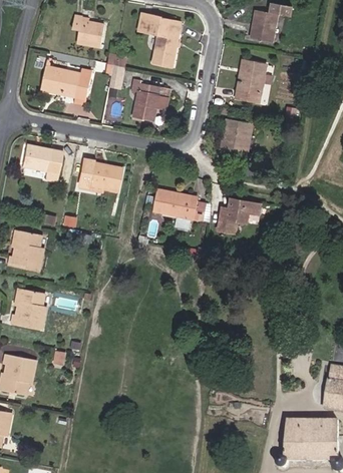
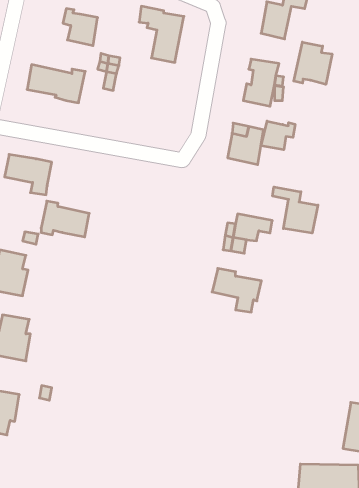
building: none -> [294,42,332,84]
building: [130,76,169,120] -> none
building: none -> [261,121,295,150]
building: [78,157,121,189] -> [41,201,89,237]
building: none -> [273,187,318,233]
building: [153,188,198,227] -> [212,268,261,312]

